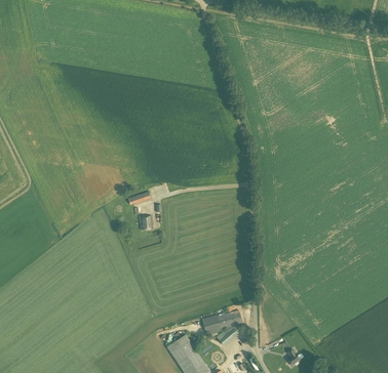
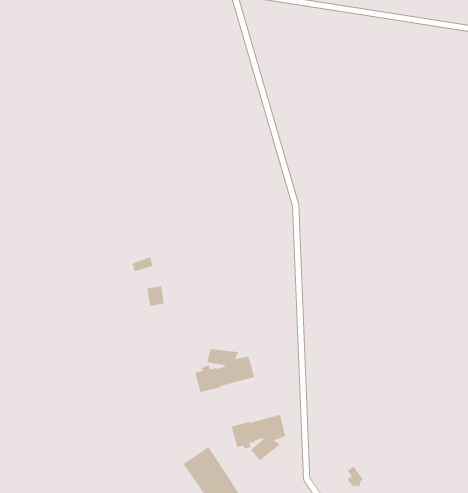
building: none -> [195,348,255,393]

